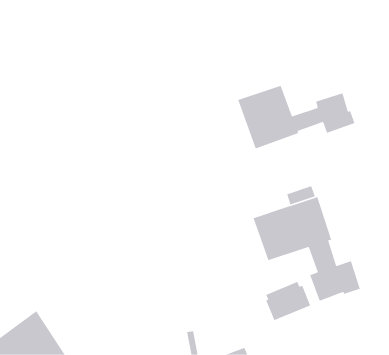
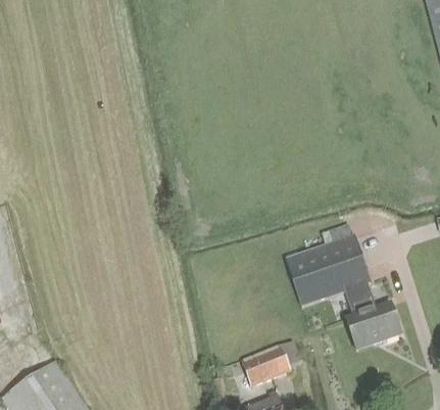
building: [237,85,355,149] -> none
building: [265,281,311,321] -> [242,344,291,386]

